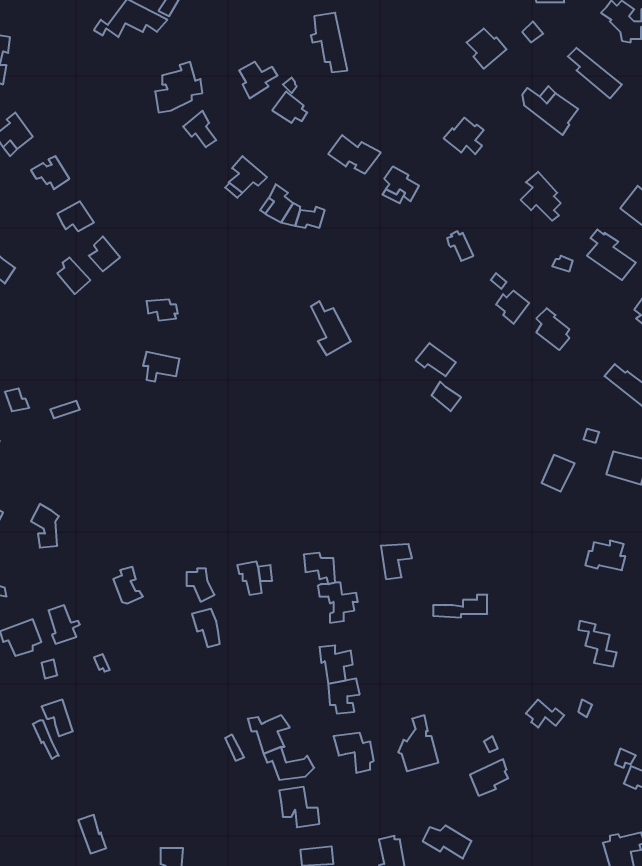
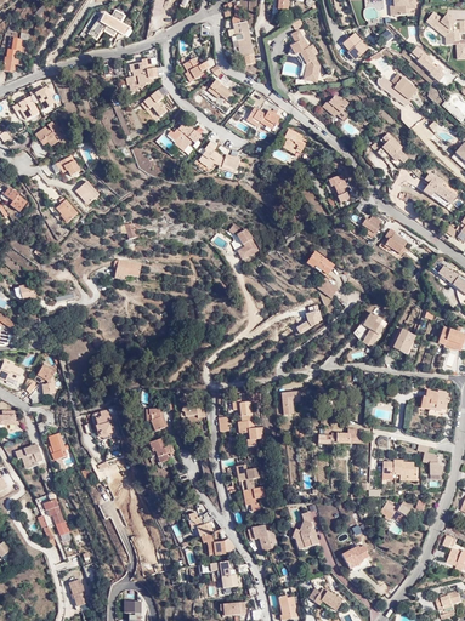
building: none -> [291,29,319,81]
building: none -> [352,312,382,347]
building: none -> [382,458,418,480]

